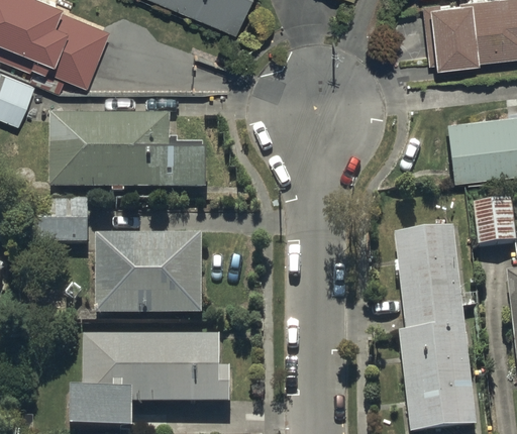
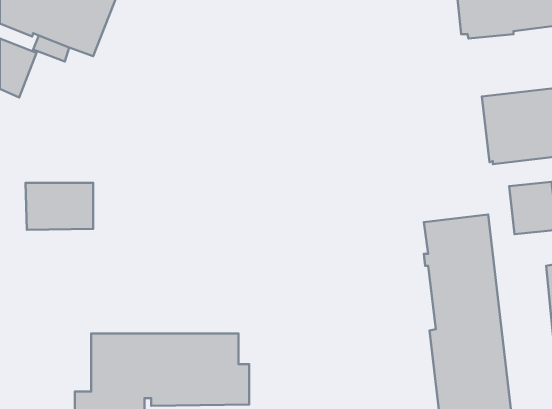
building: [51,114,207,190] -> none
building: [96,232,203,313] -> none

